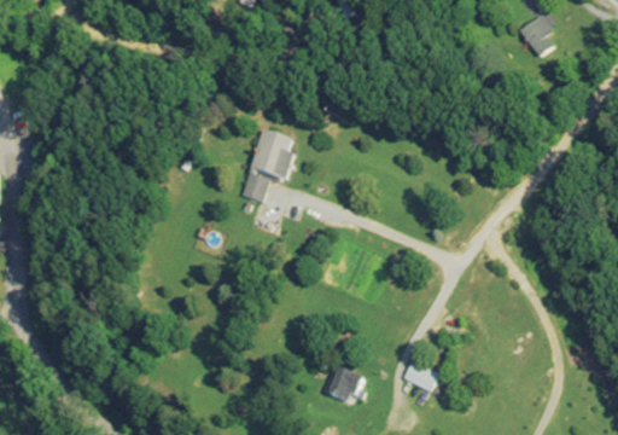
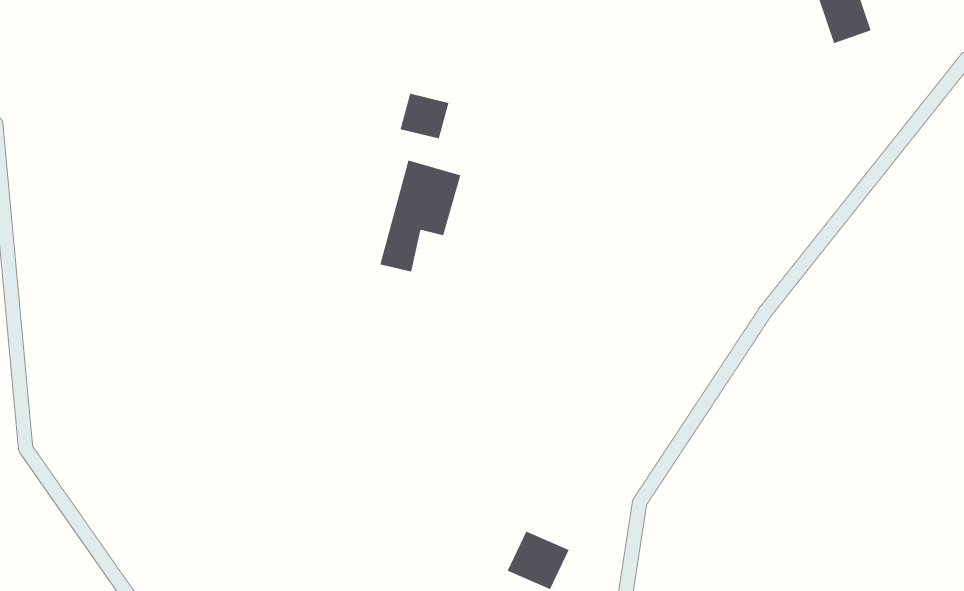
building: none -> [400,93,449,139]
building: [403,360,438,390] -> none

